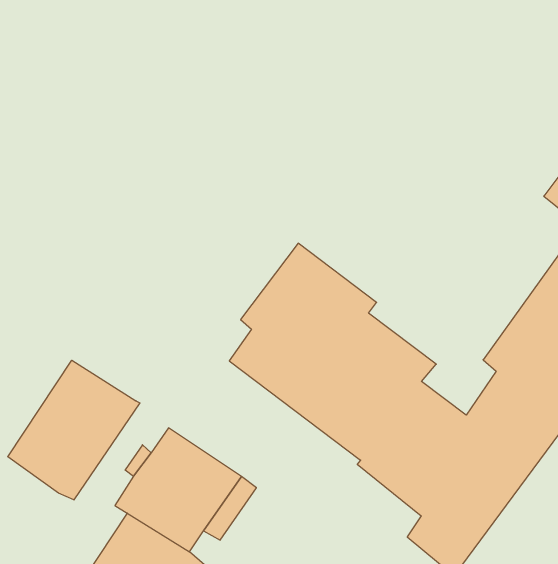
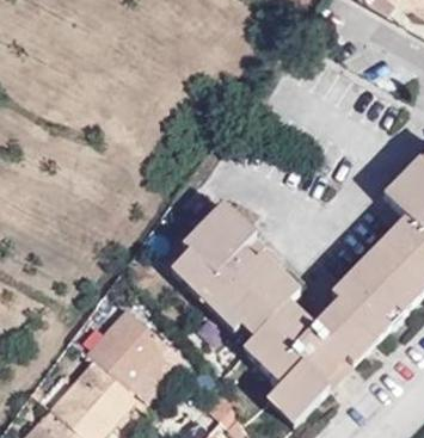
building: [8,360,140,500] -> none

